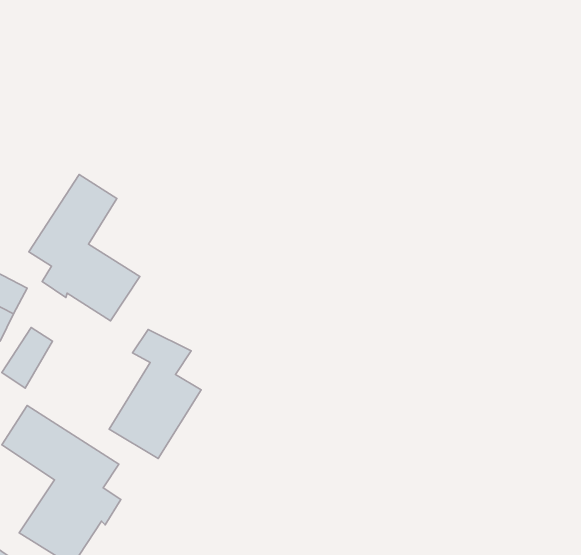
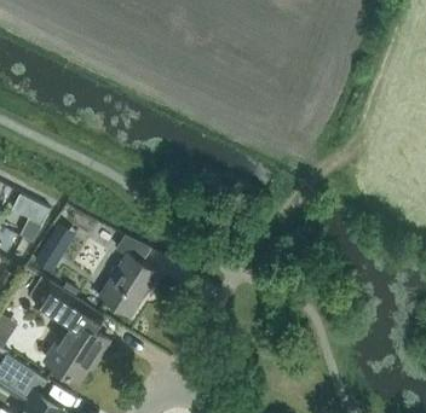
building: [29,174,140,321] -> none

